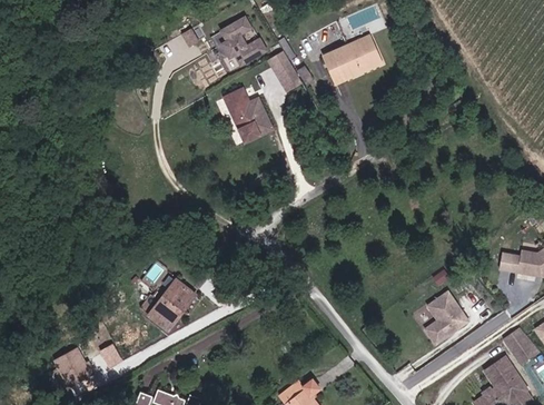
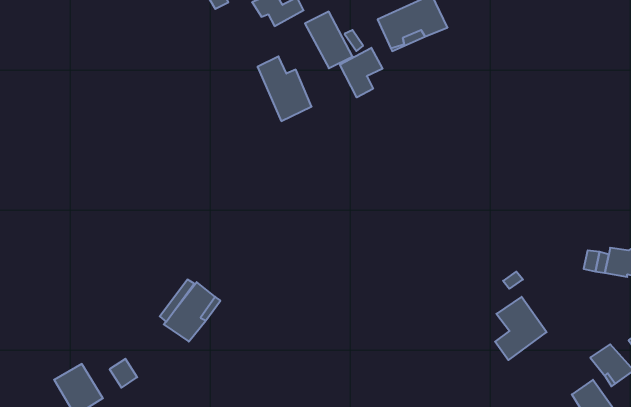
building: none -> [340,48,383,97]

